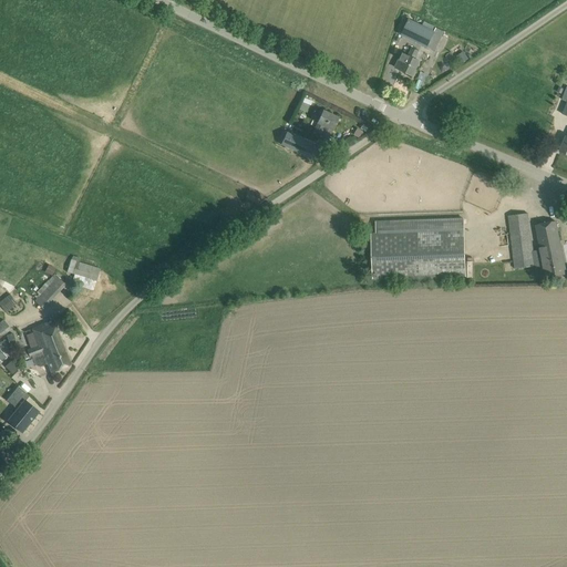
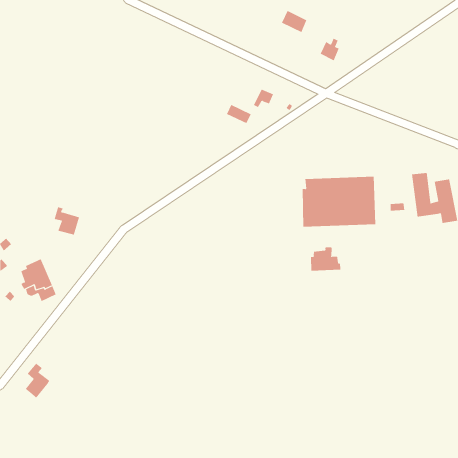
building: [401,19,433,47] -> [281,10,307,33]
building: [34,272,64,308] -> none
building: none -> [310,246,341,271]
building: [7,388,38,432] -> [25,363,50,399]

